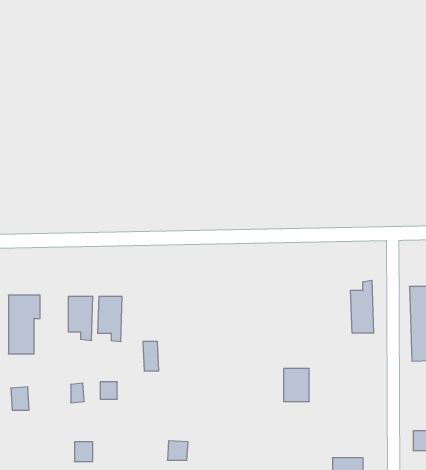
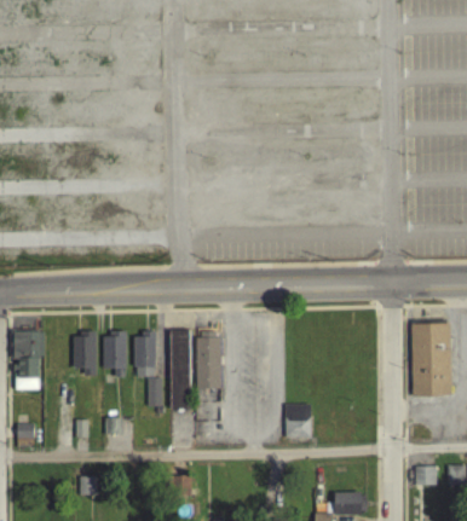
building: [351,280,373,333] -> none
building: none -> [169,329,192,407]
building: none -> [134,332,156,376]
building: none -> [197,336,224,388]

